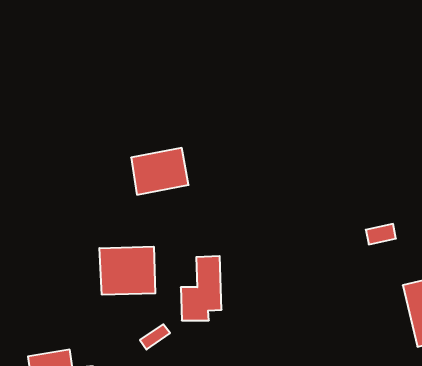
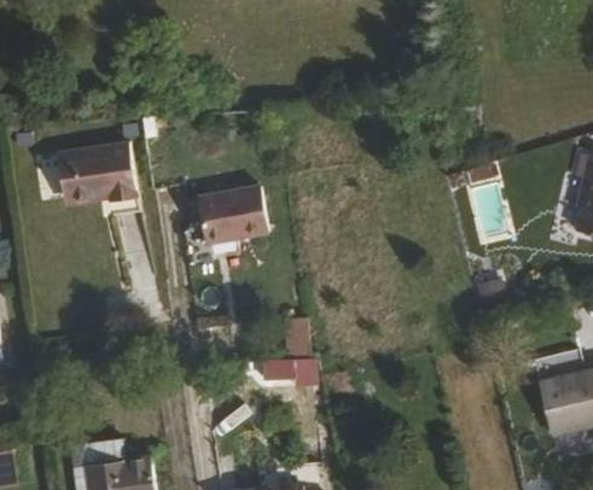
building: none -> [58,141,139,211]
building: [99,247,155,295] -> none

